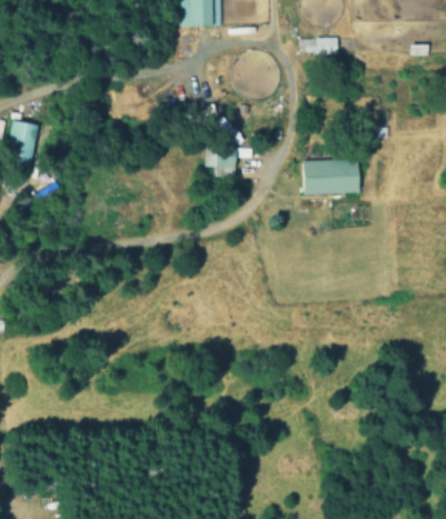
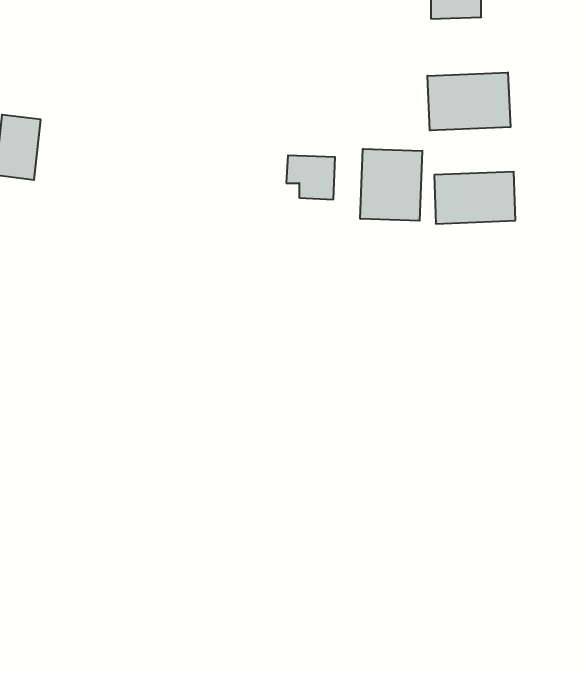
building: none -> [427,72,510,131]
building: none -> [360,149,422,221]

